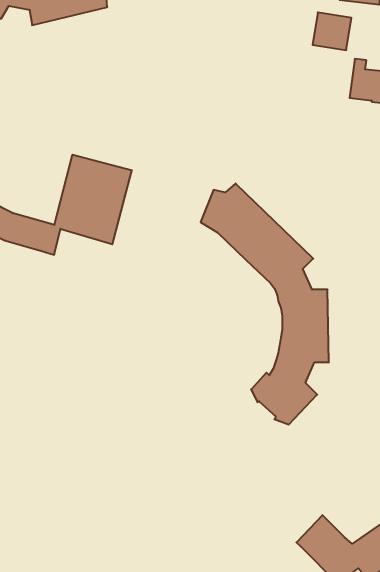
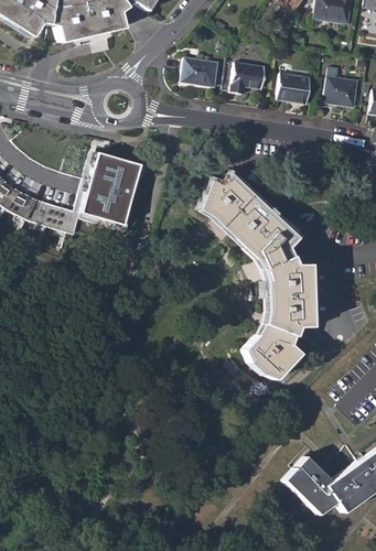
building: [313,12,351,50] -> [277,73,310,105]
building: none -> [183,61,219,90]
building: none -> [232,63,266,95]

